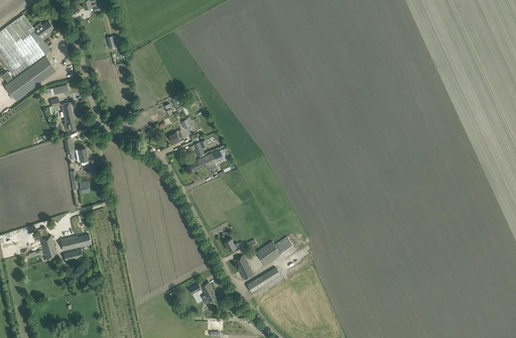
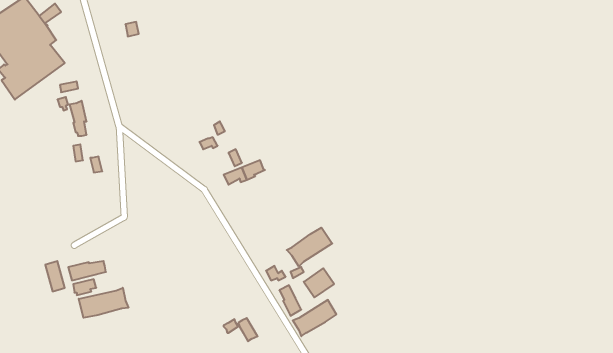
building: none -> [287,228,332,266]
building: none -> [79,288,128,318]

